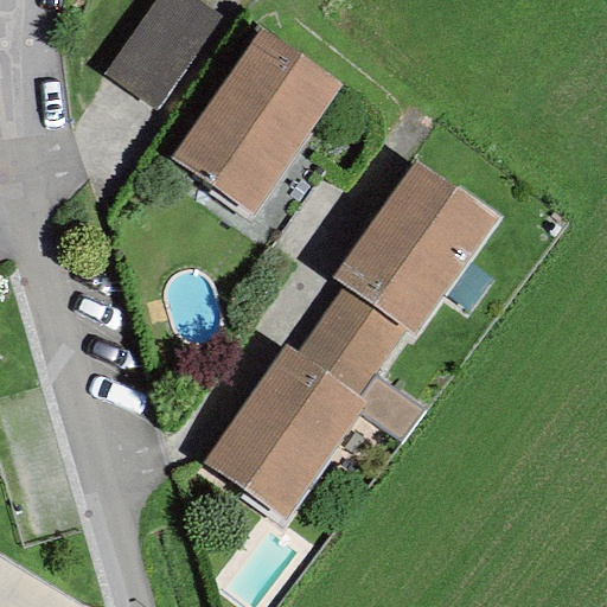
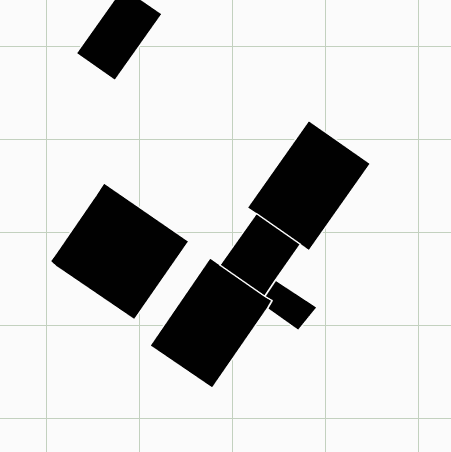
building: [172,30,341,213] -> none
building: none -> [50,183,189,320]

